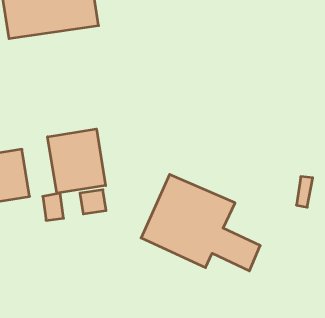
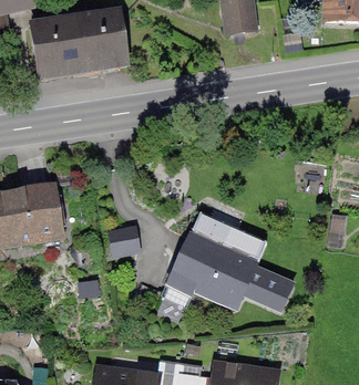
building: [48,129,106,193] -> none

